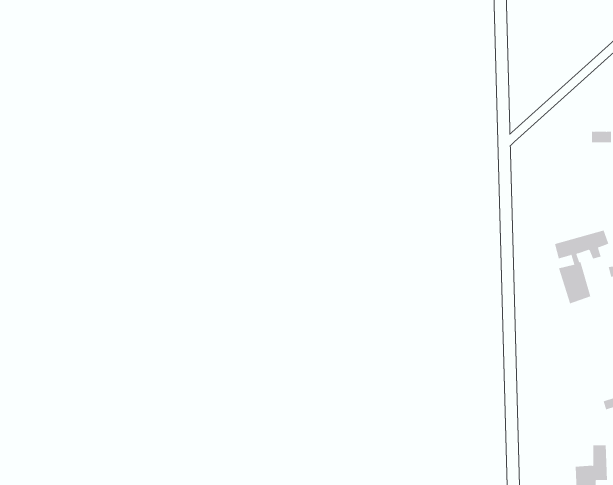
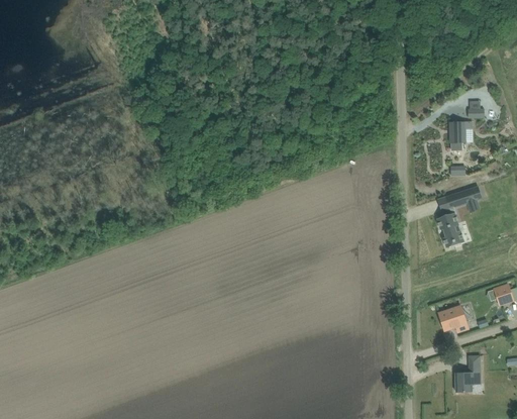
building: none -> [449,121,471,150]
building: none -> [438,306,468,331]

